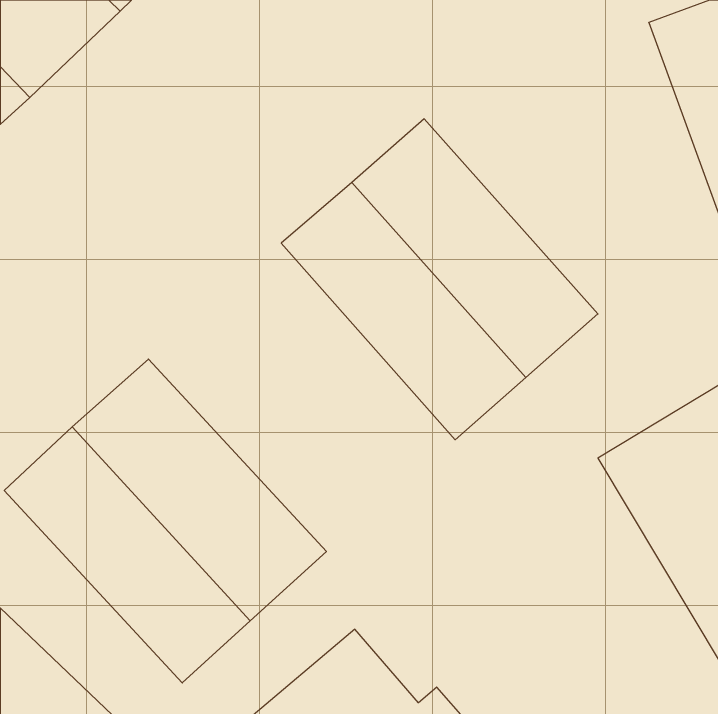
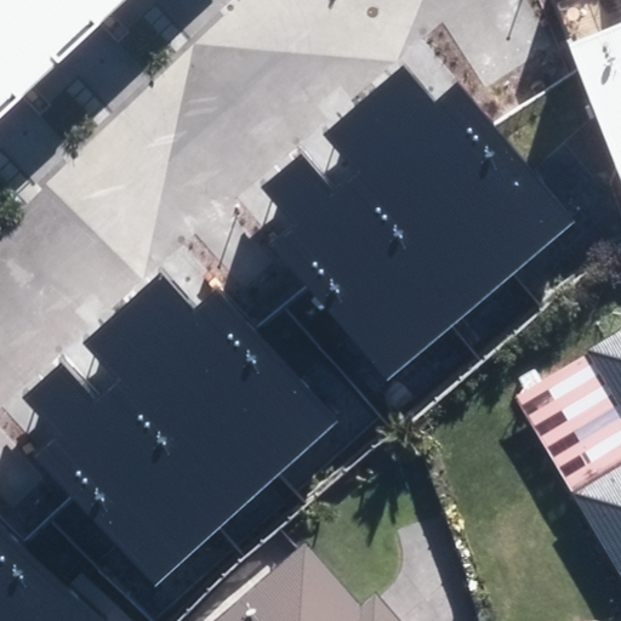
building: none -> [368,57,576,277]
building: none -> [131,263,342,480]

